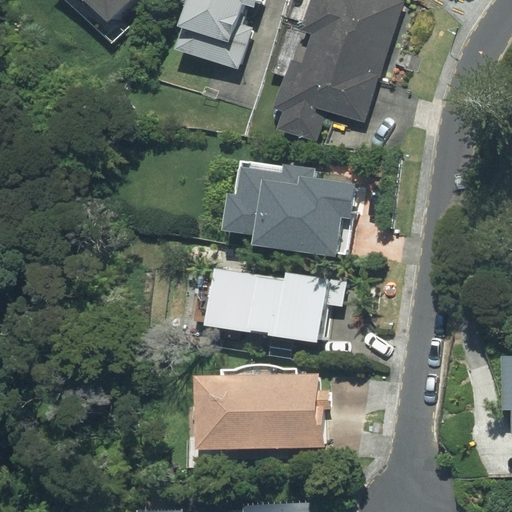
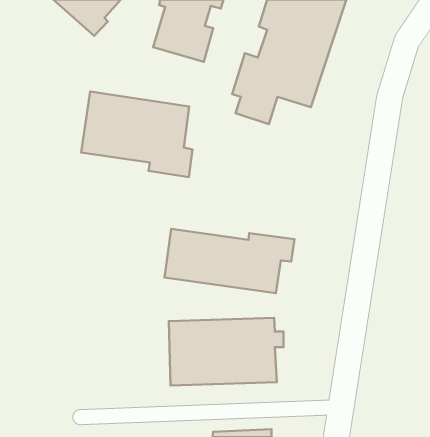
building: none -> [81,92,193,177]
building: [228,159,364,257] -> none

